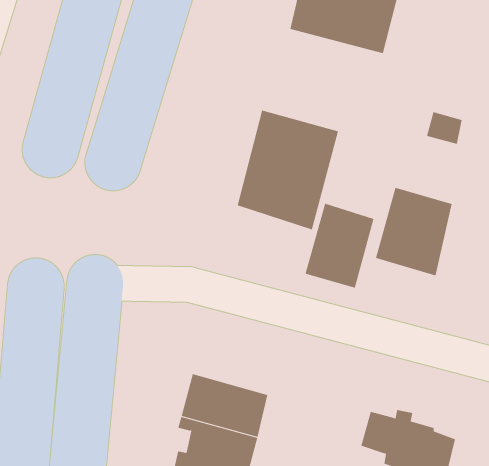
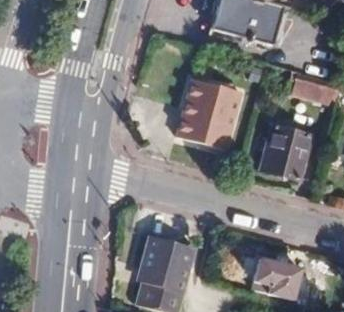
building: [305,203,374,288] -> none

